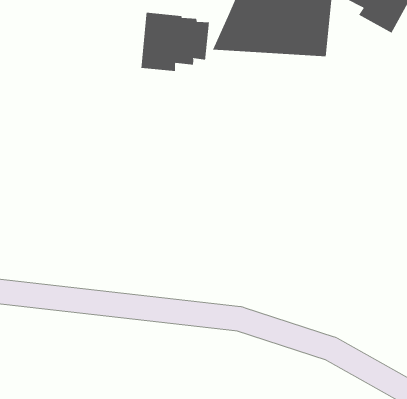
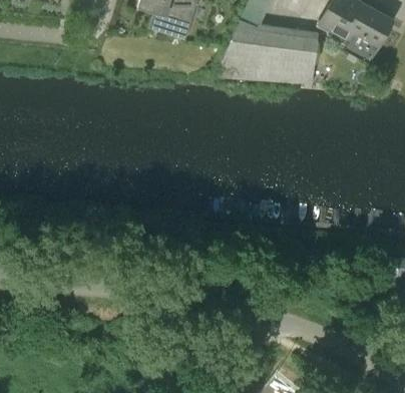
building: [141,12,209,72] -> none

